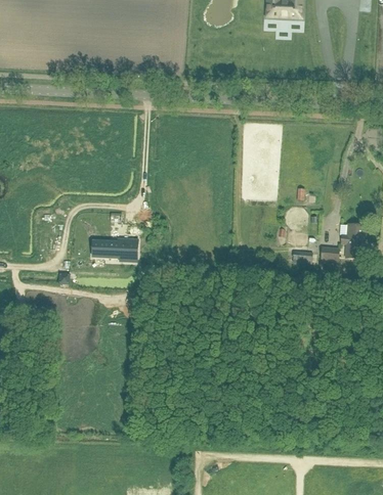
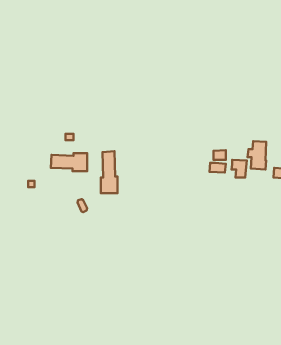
building: none -> [101,151,117,193]

